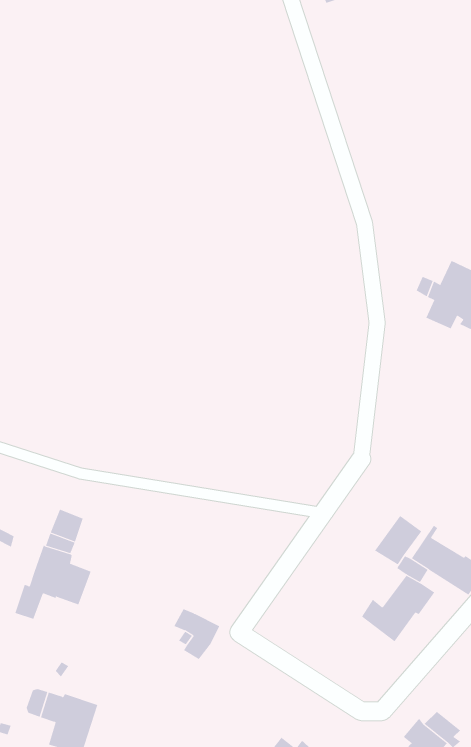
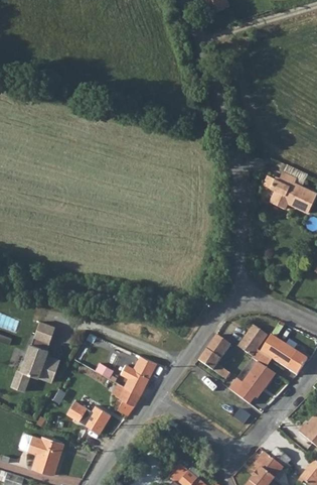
building: none -> [197,335,230,379]
building: none -> [122,355,156,394]
building: none -> [66,401,110,434]

